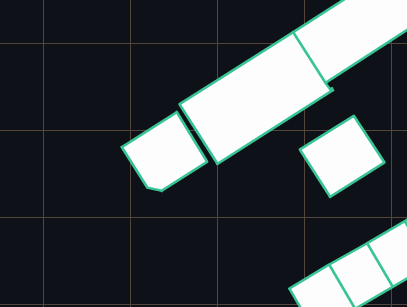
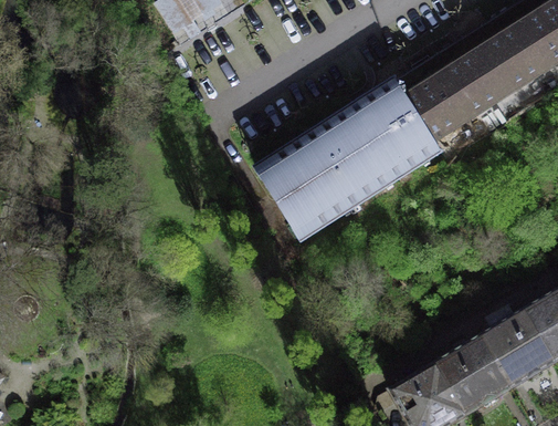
building: [122,112,207,191] -> none
building: [300,116,384,197] -> none

